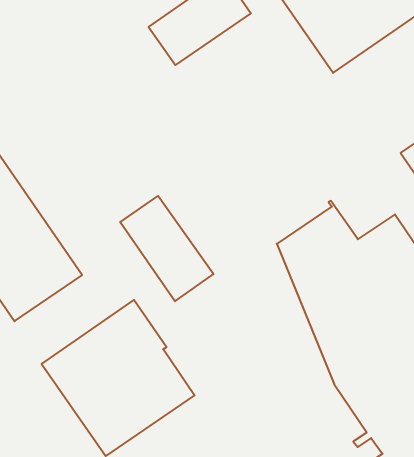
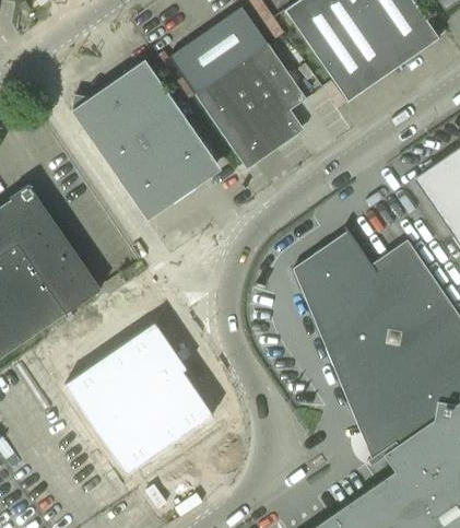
building: none -> [196,44,307,169]
building: none -> [73,60,214,213]
building: [120,196,213,301] -> none

